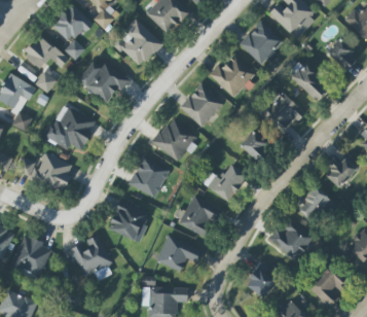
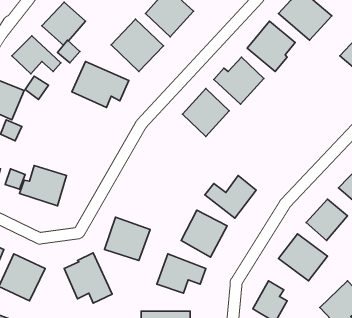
building: [288,63,329,101] -> none
building: [259,92,303,136] -> none
building: [42,106,96,150] -> none
building: [152,118,197,163] -> none
building: [240,131,270,162] -> none
building: [127,156,170,199] -> none

